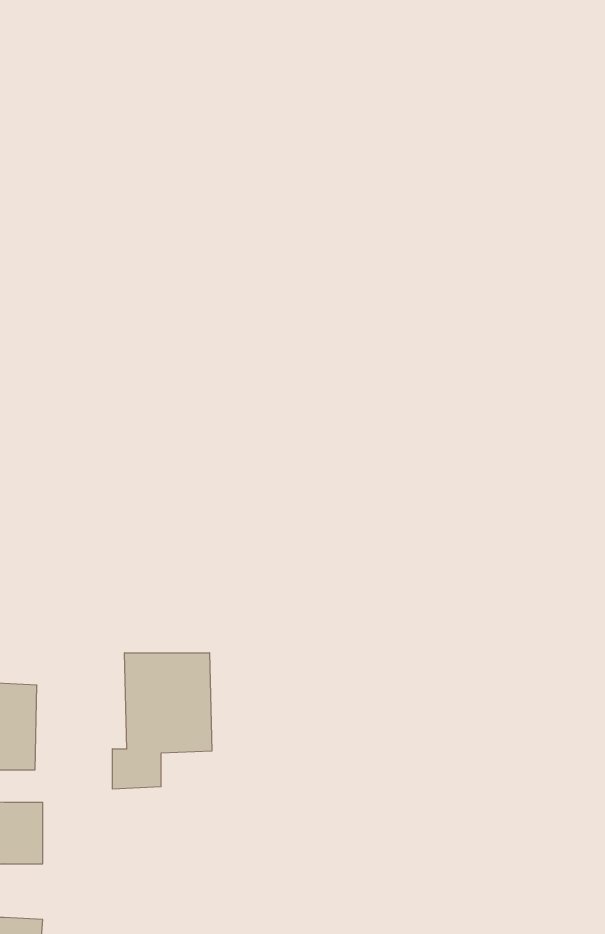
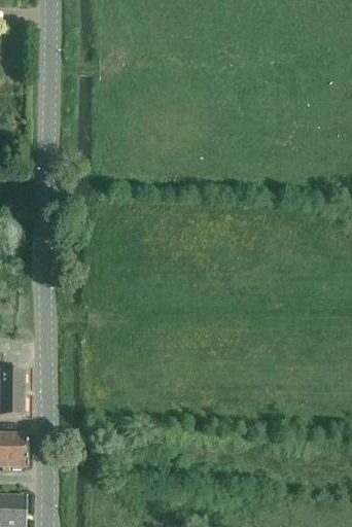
building: [112,653,212,789] -> none

